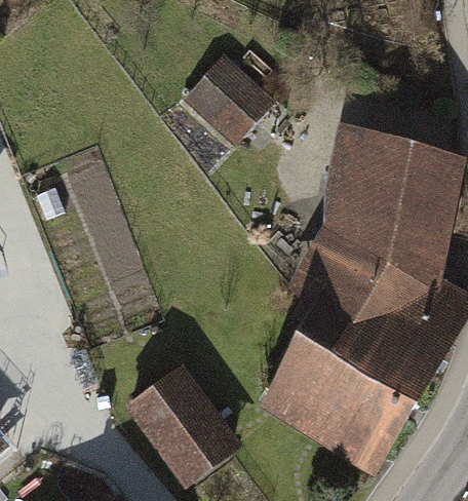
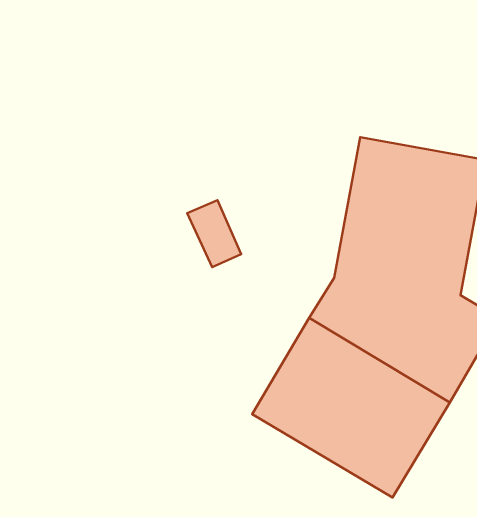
building: [181,45,270,132] -> none
building: [130,365,234,475] -> none

